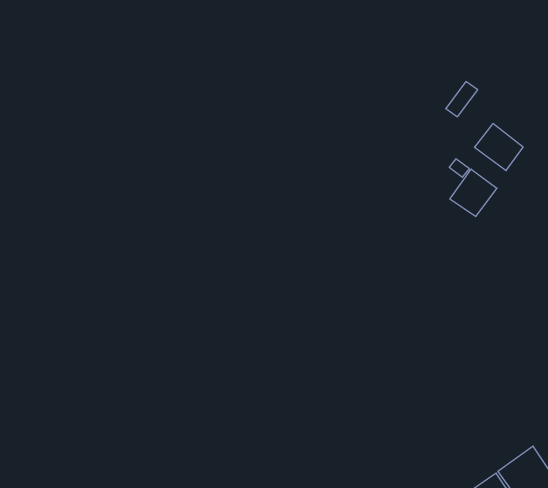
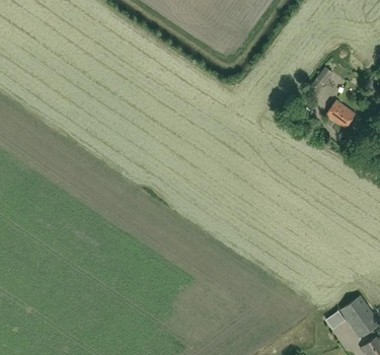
building: [450,169,497,217] -> none

